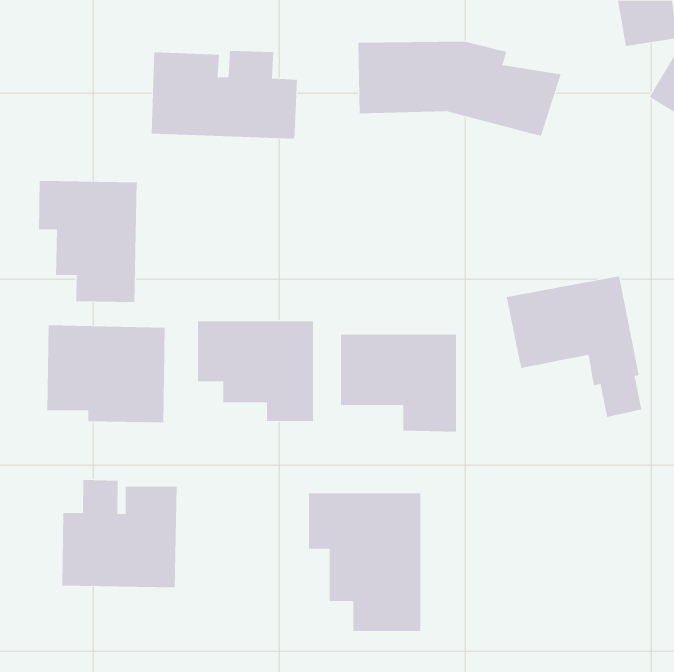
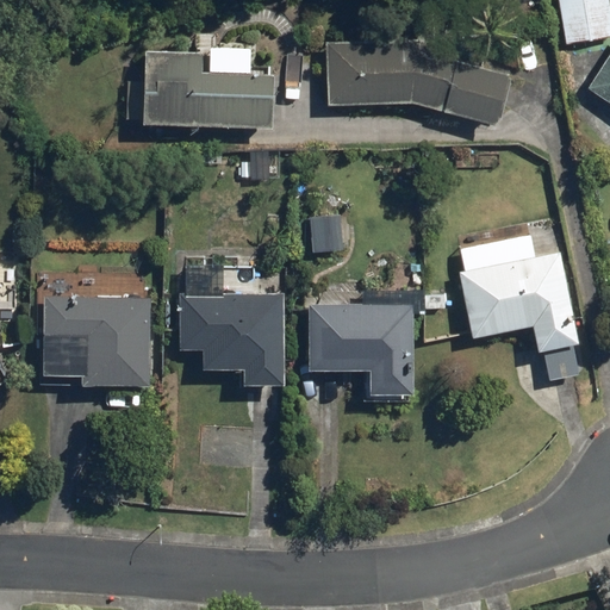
building: [38,180,137,303] -> none
building: [62,479,177,588] -> none
building: [308,493,421,632] -> none

